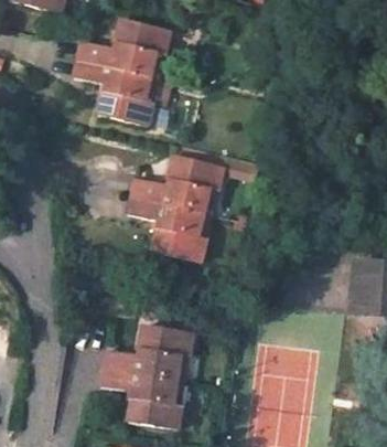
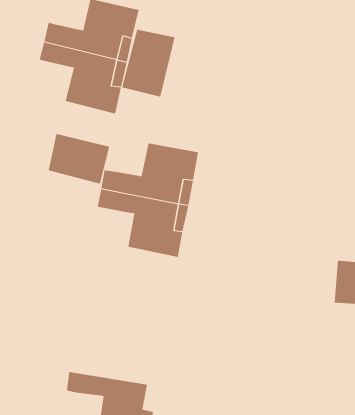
building: none -> [122,29,175,98]
building: none -> [48,133,110,185]
building: [101,322,193,380] -> none

